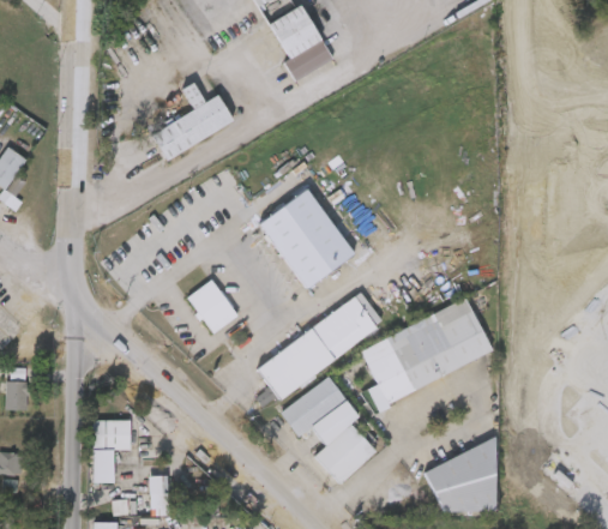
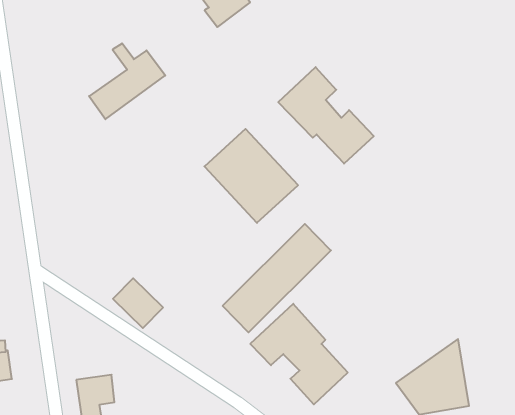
building: none -> [278,67,374,164]
building: [186,281,236,333] -> [113,278,163,328]
building: [360,297,492,408] -> none

